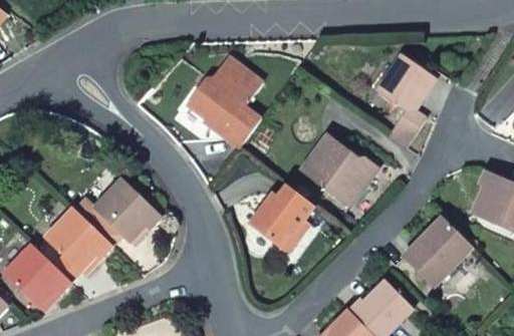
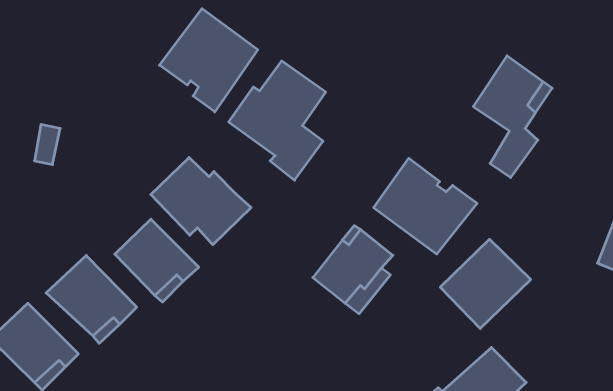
building: none -> [159,9,258,112]
building: none -> [151,157,251,245]
building: [404,218,474,287] -> [440,239,531,329]

